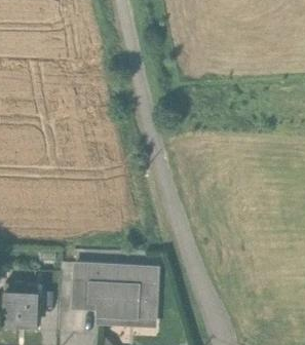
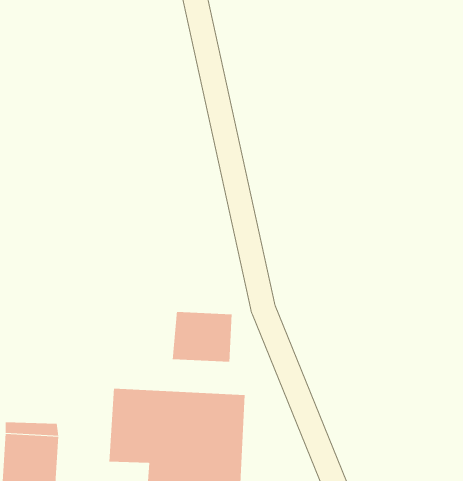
building: none -> [172,311,232,363]

